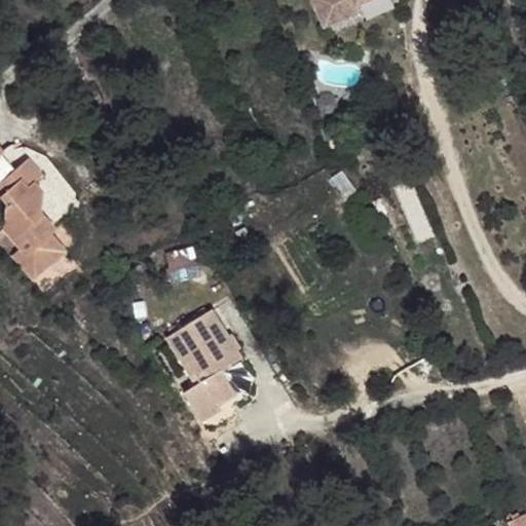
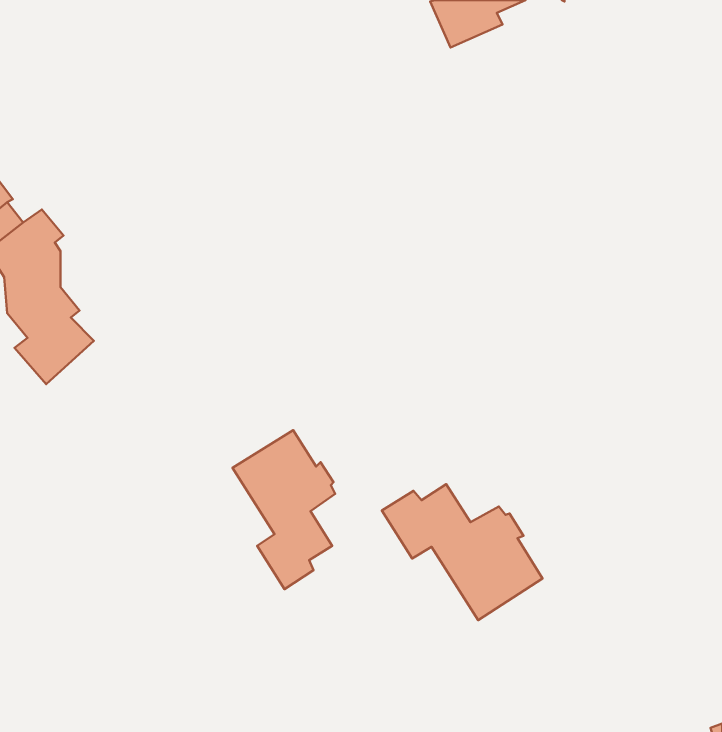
building: none -> [382,484,543,620]

